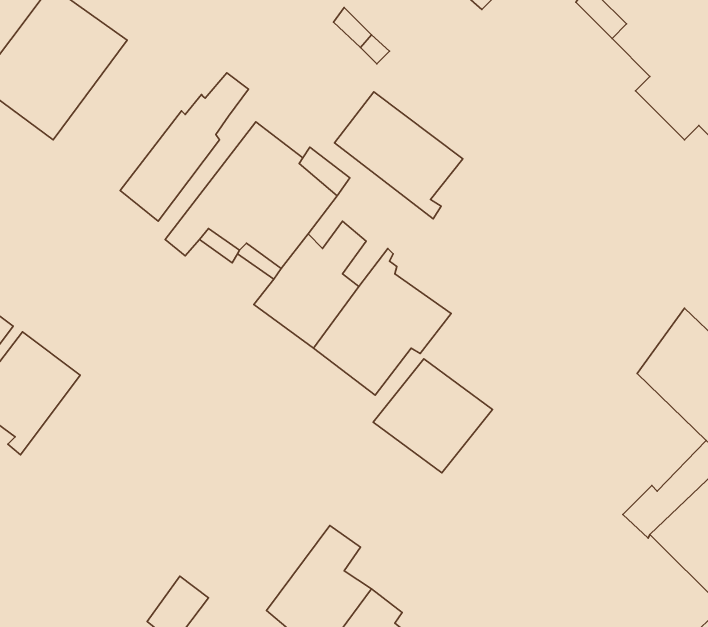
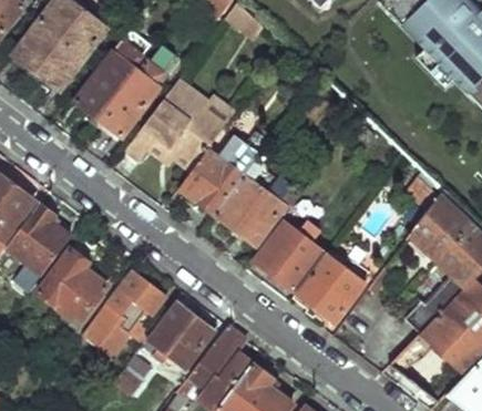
building: none -> [74,35,147,120]
building: [335,92,463,219] -> none
building: none -> [38,250,111,330]
building: none -> [295,254,365,322]
building: none -> [84,270,167,355]
building: none -> [146,302,212,368]

